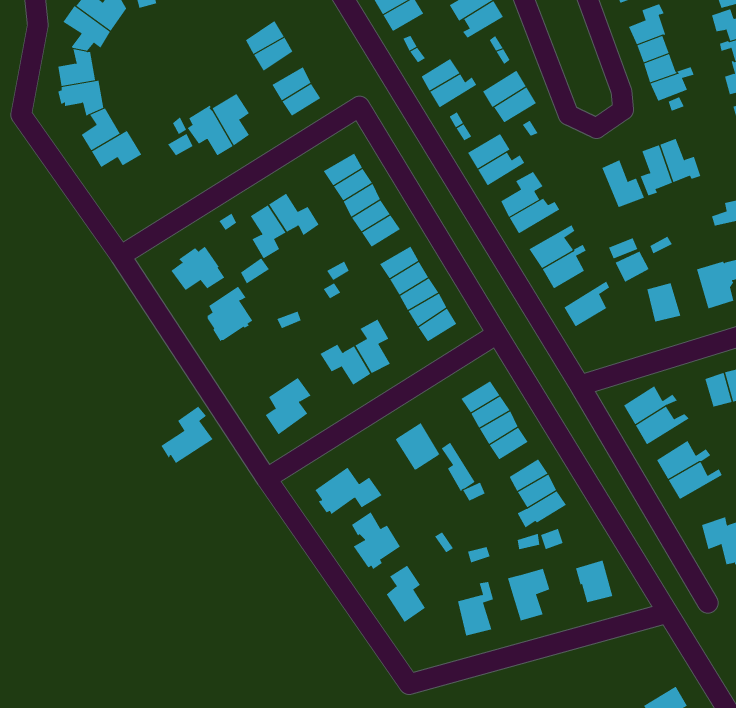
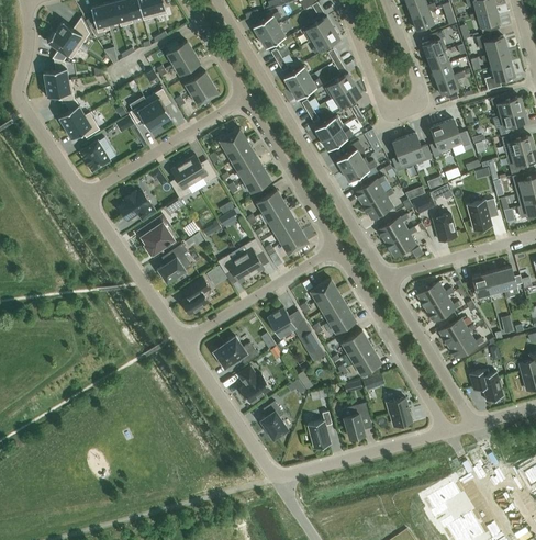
building: none -> [391,138,414,171]
building: none -> [79,140,110,171]
building: none -> [386,226,416,257]
building: [160,406,213,464] -> [156,244,191,282]

